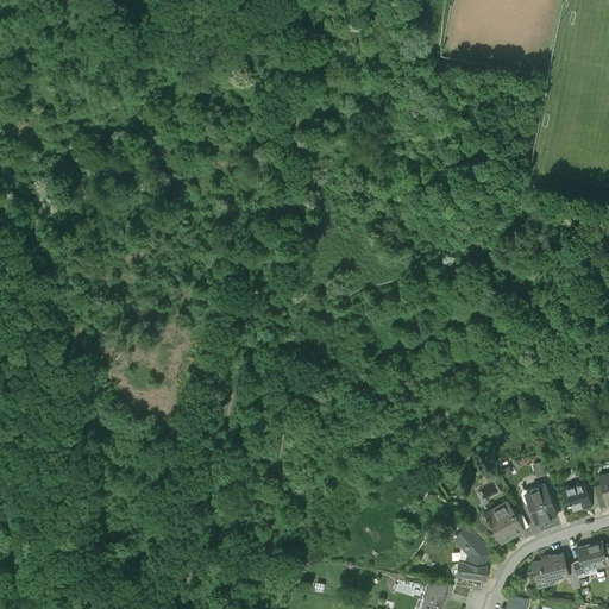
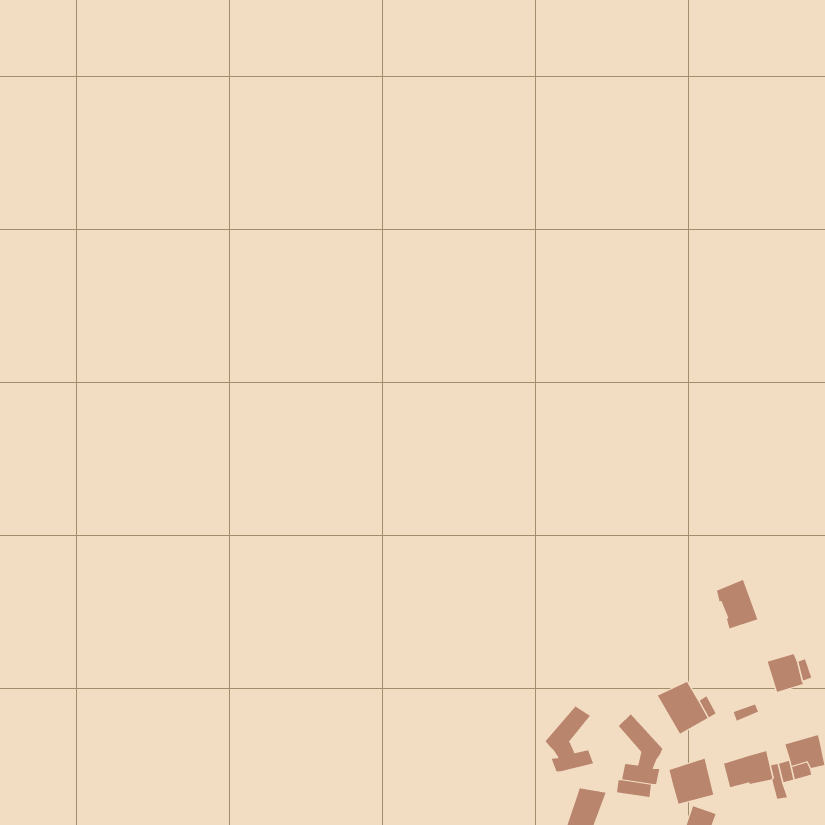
building: [525,486,555,523] -> [716,579,758,629]
building: none -> [545,706,594,772]
building: none -> [669,758,714,805]

